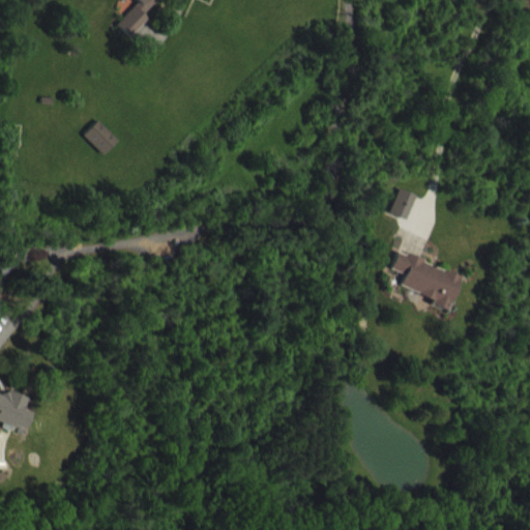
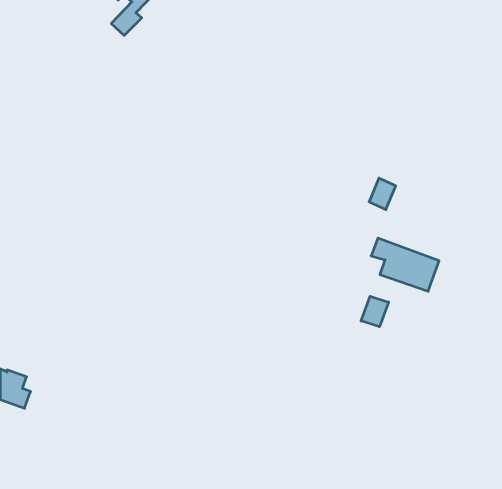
building: [84,120,119,155] -> none
building: none -> [361,296,389,327]

